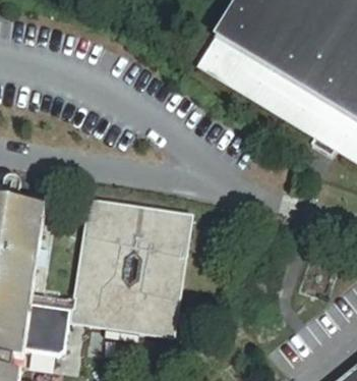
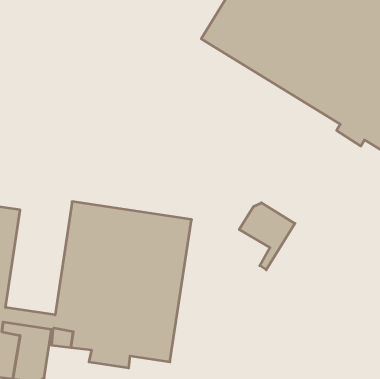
building: none -> [239,203,295,270]

